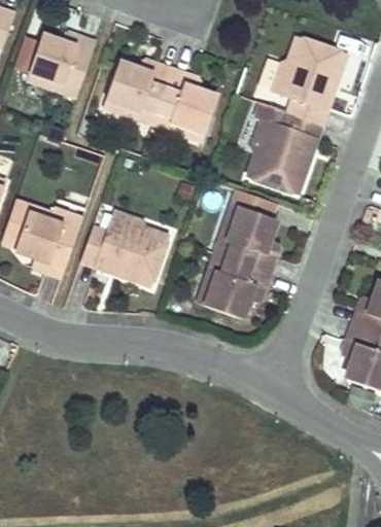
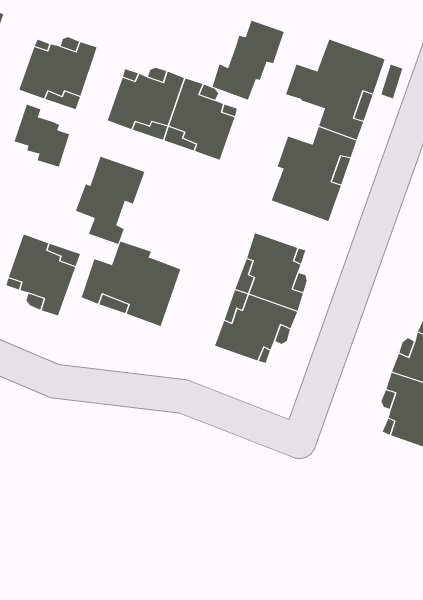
building: none -> [212,20,284,101]
building: none -> [14,104,70,167]
building: none -> [75,156,145,245]

